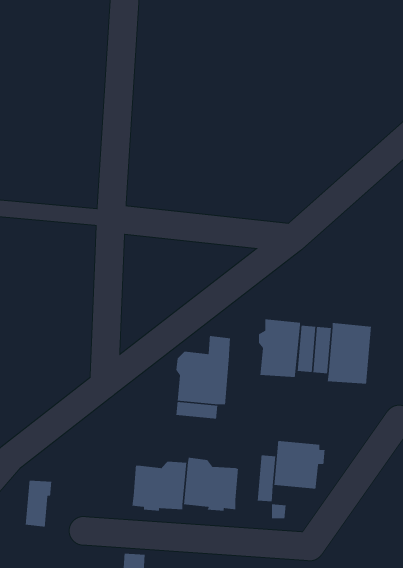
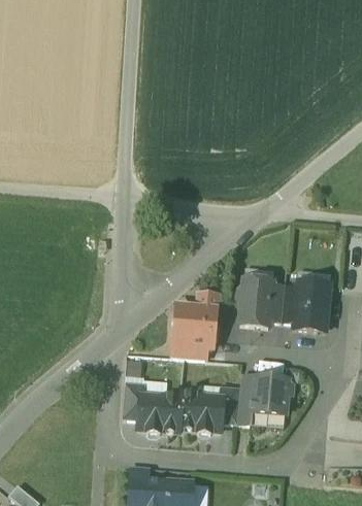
building: none -> [222,385,241,424]
building: [25,480,52,528] -> [123,381,144,419]

